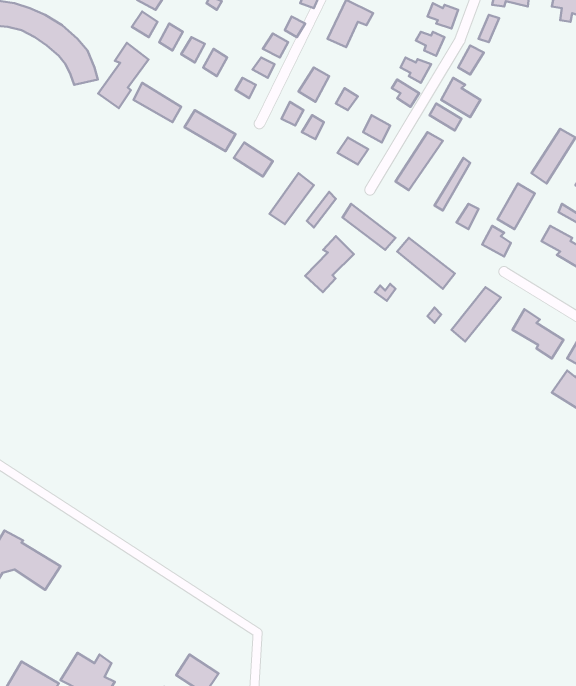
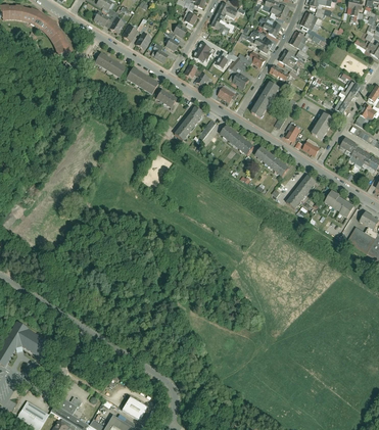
building: [98,43,148,108] -> none
building: [305,236,354,292] -> none

